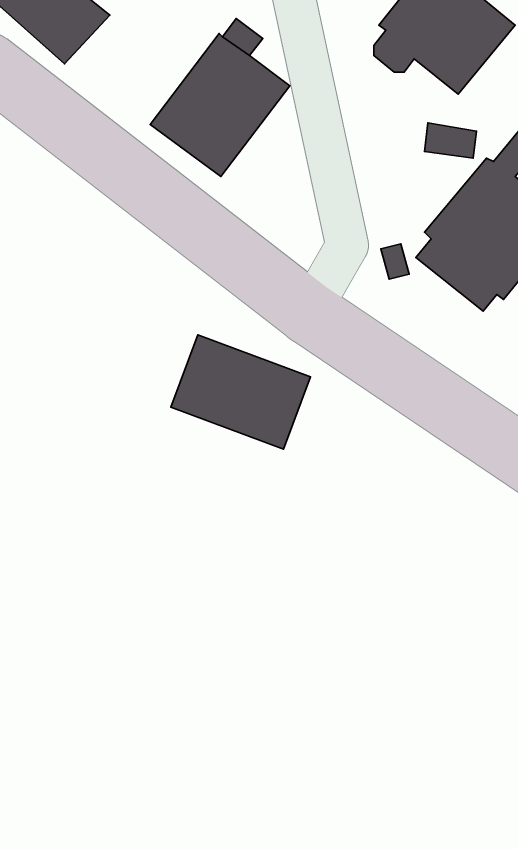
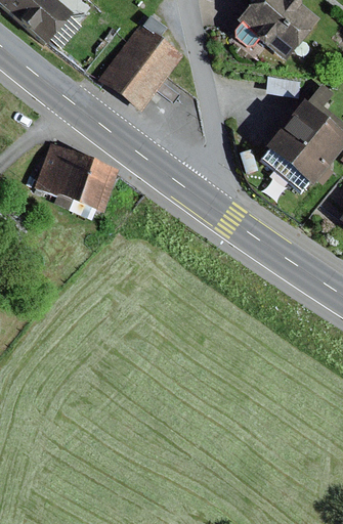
building: [171,335,310,449] -> [35,143,120,213]

